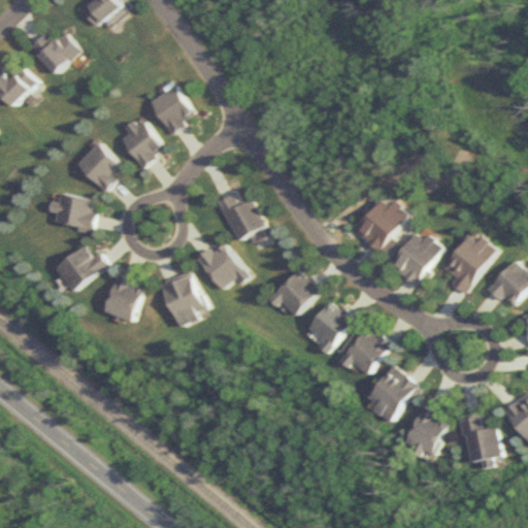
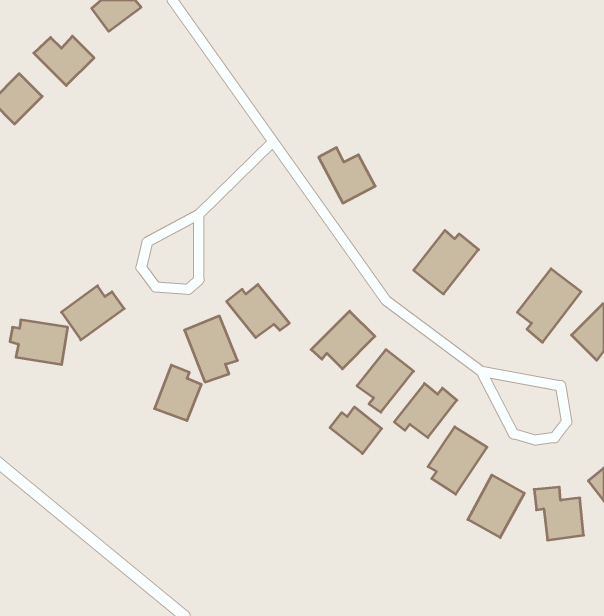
building: [147,85,194,133] -> none
building: [119,117,162,166] -> none
building: [74,142,123,191] -> none
building: [214,192,263,239] -> [319,148,375,203]
building: [45,193,95,231] -> [10,320,68,365]
building: [389,229,441,285] -> none
building: [101,273,141,321] -> [154,365,201,421]
building: none -> [330,407,382,454]

